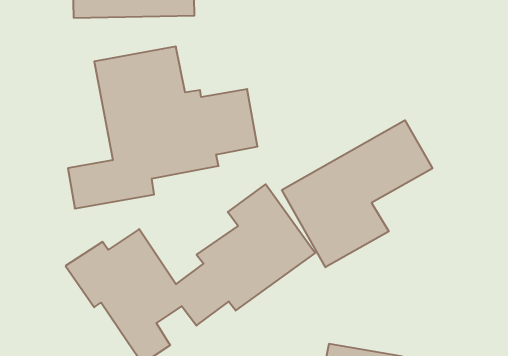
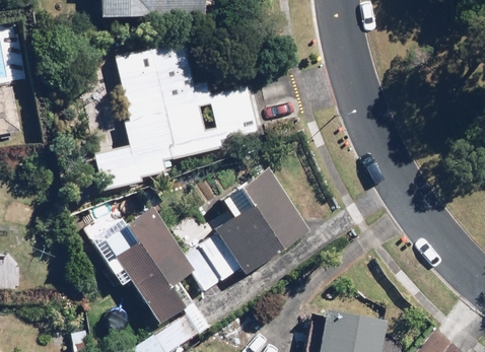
building: [282,120,432,267] -> none

